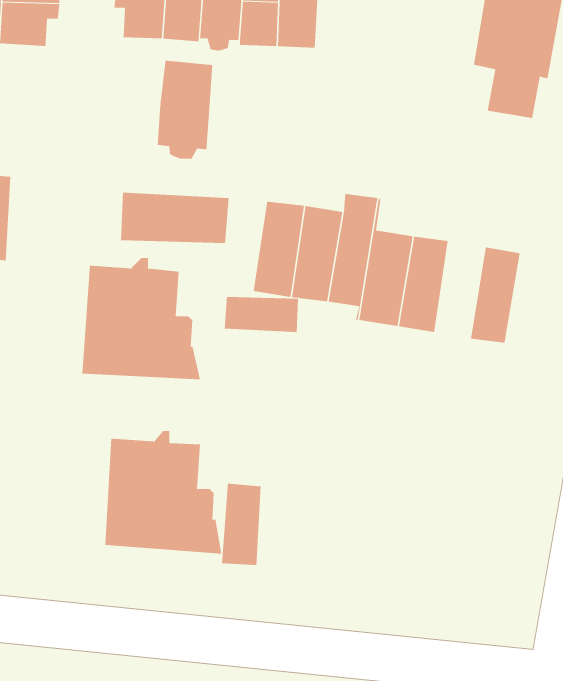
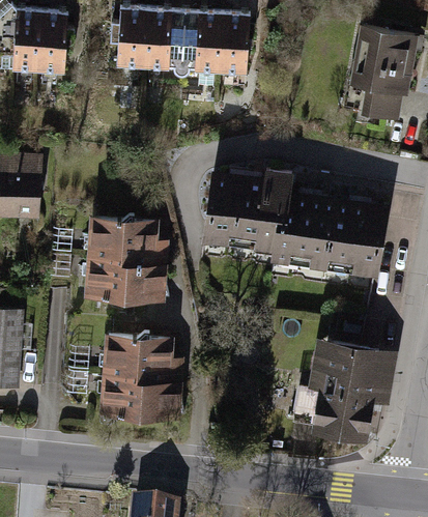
building: [157,60,213,159] -> none
building: [120,192,229,244] -> none
building: none -> [327,203,362,269]
building: [224,296,299,333] -> none
building: none -> [295,344,378,434]
building: [222,483,261,566] -> none

